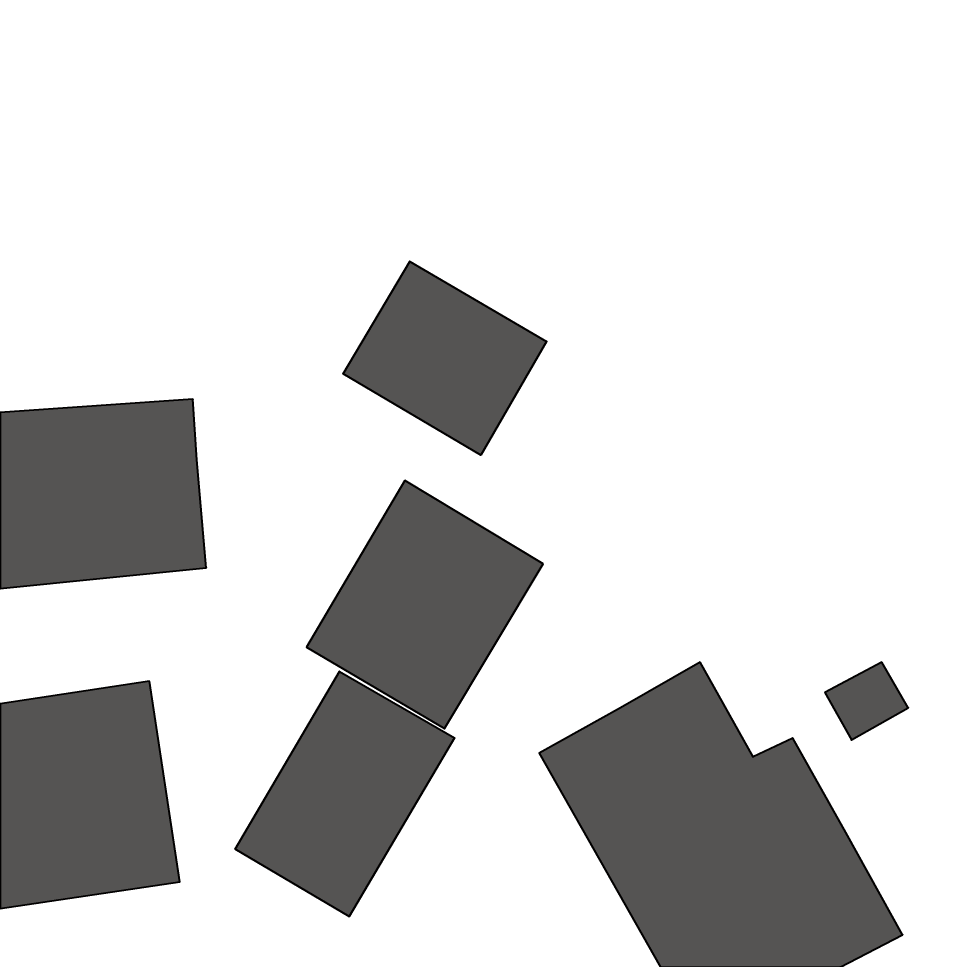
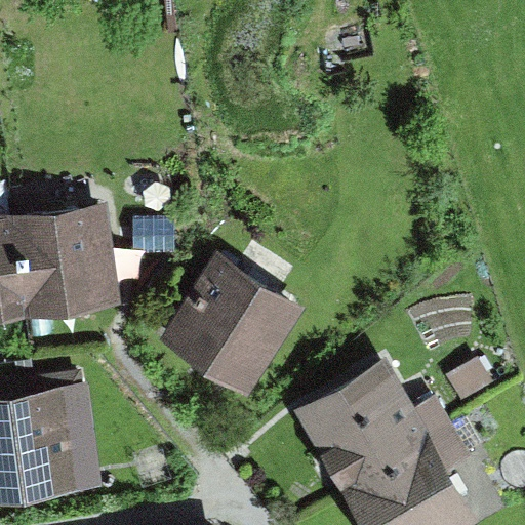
building: [343,261,547,455] -> none
building: [235,671,455,917] -> none

